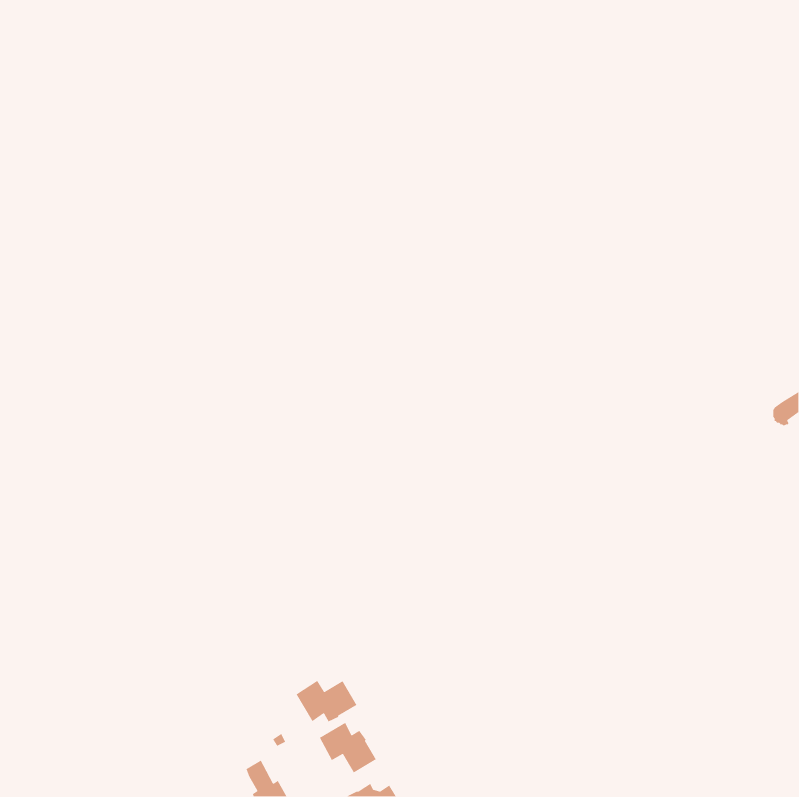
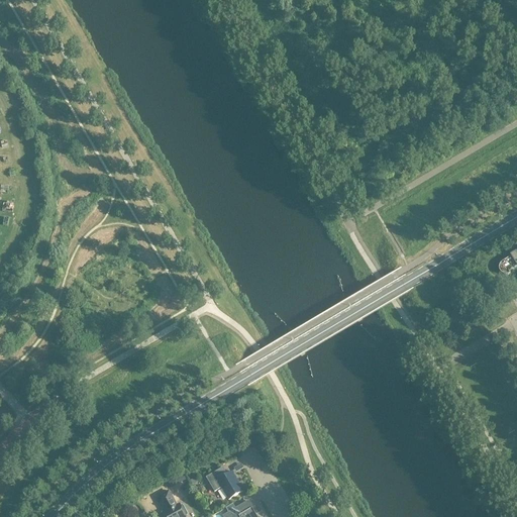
building: [296,680,357,723] -> none

